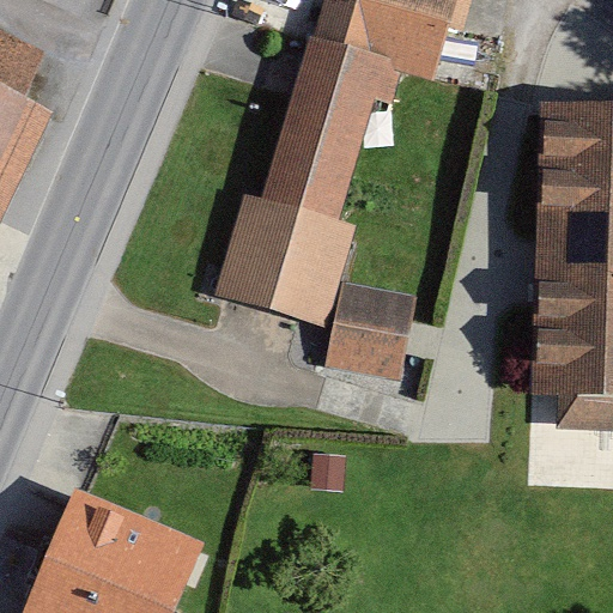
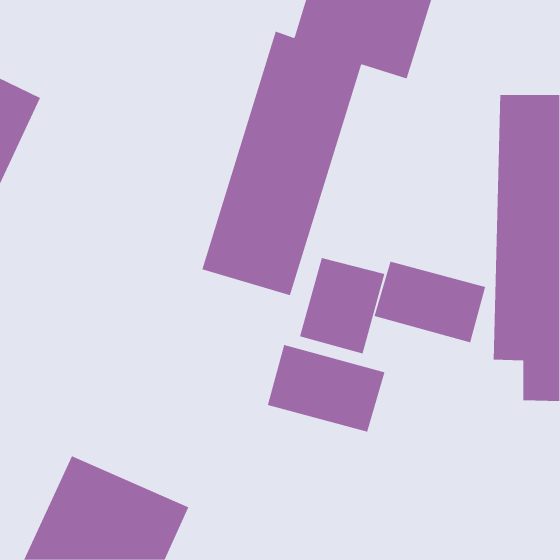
building: none -> [374,261,486,343]
building: none -> [267,344,385,433]

